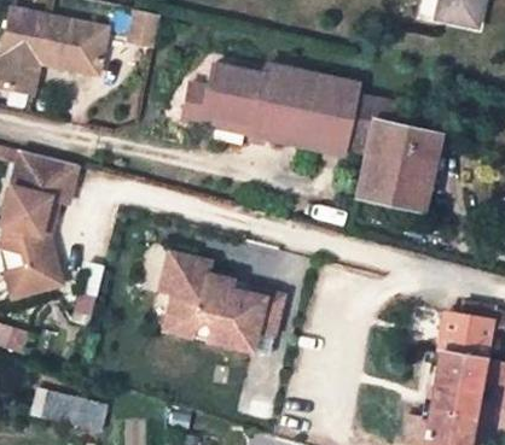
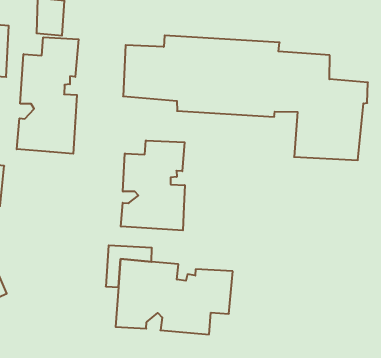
building: none -> [17,37,79,154]
building: none -> [121,140,185,230]

